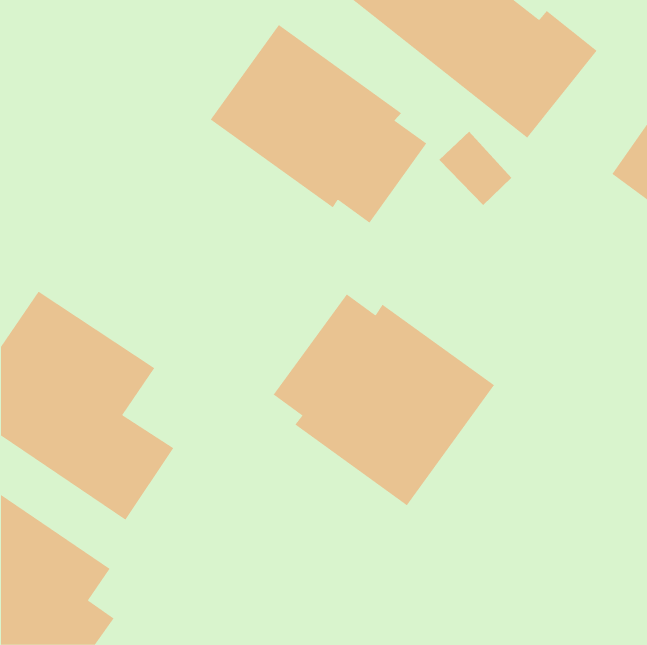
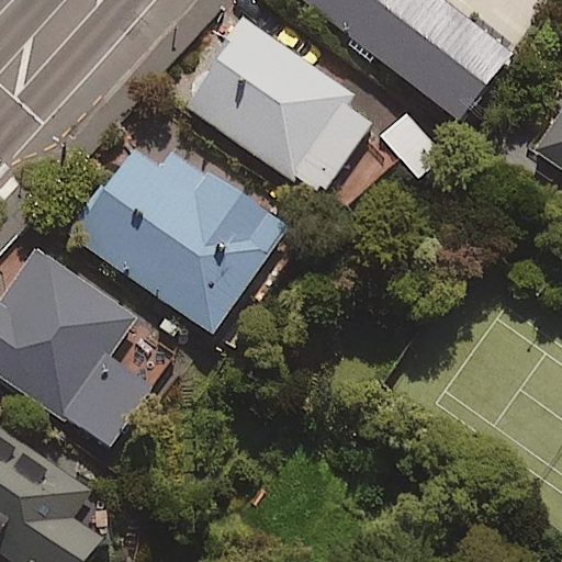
building: none -> [71,132,285,335]
building: [273,293,495,506] -> none

